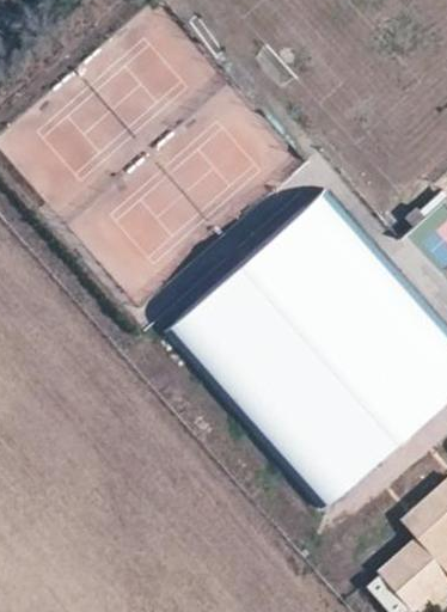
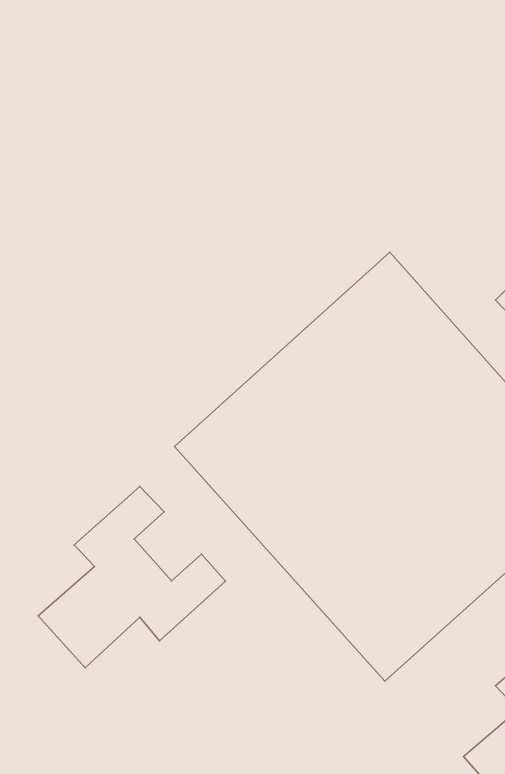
building: none -> [38,487,225,668]

